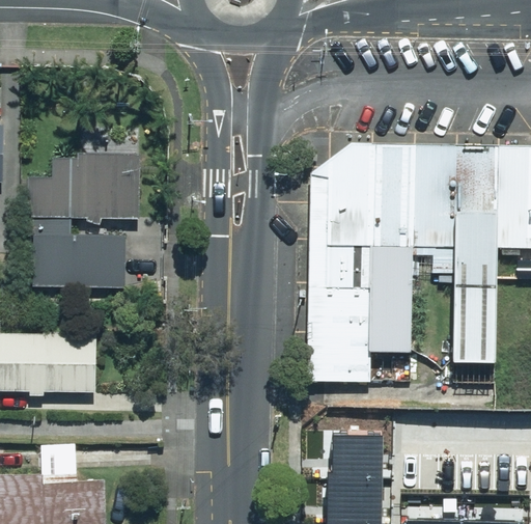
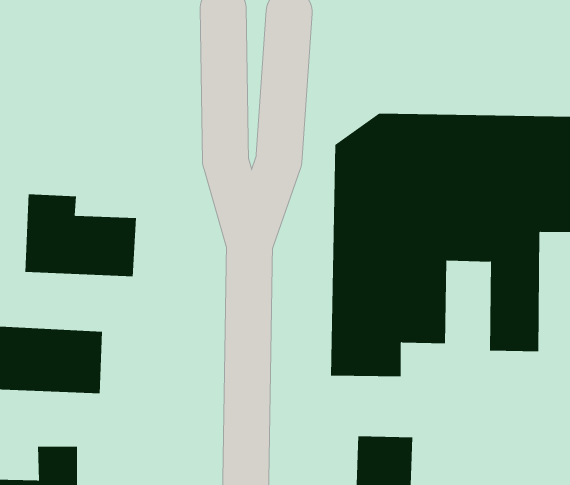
building: [30,157,141,219] -> none

